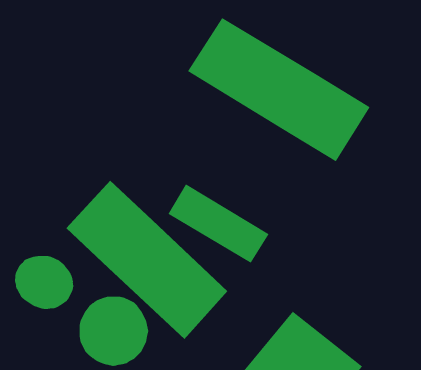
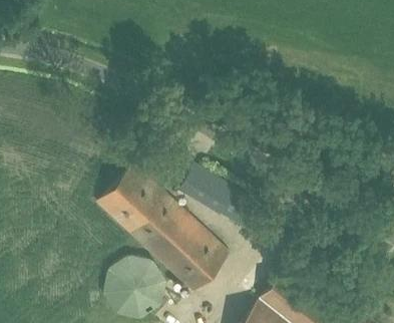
building: [187,17,371,162] -> none
building: [14,255,74,310] -> none

